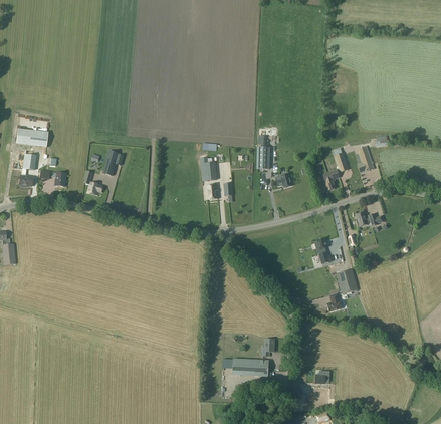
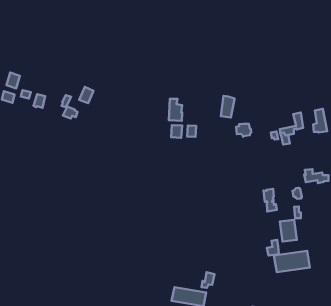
building: [16,128,45,147] -> none
building: none -> [274,251,310,272]

